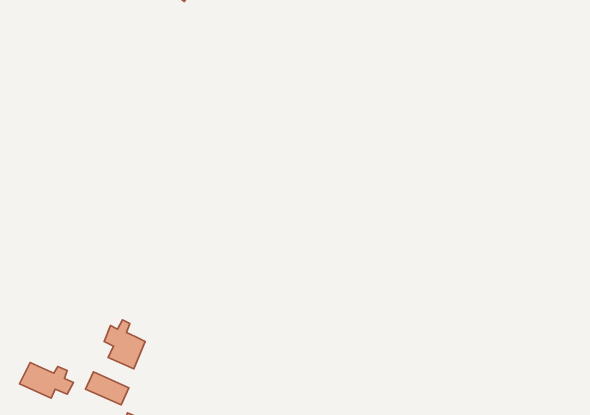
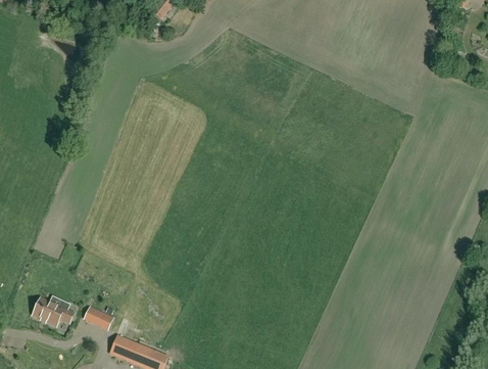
building: [104,320,145,369] -> none

